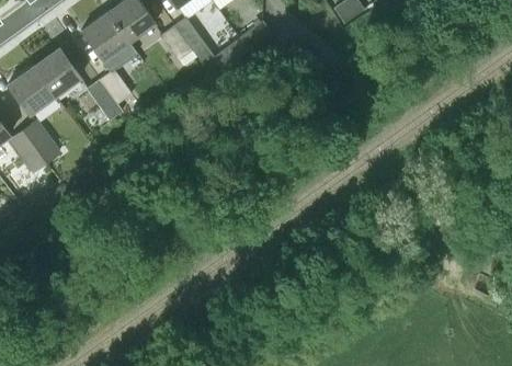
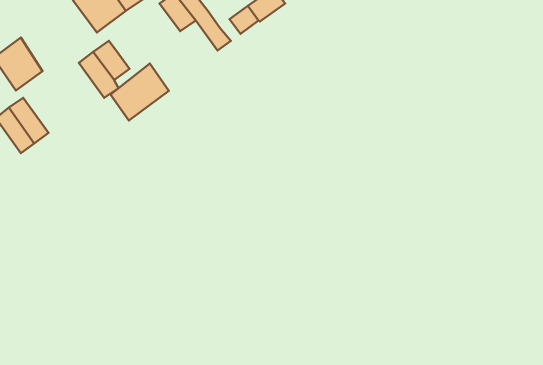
building: [34,48,81,98] -> none
building: none -> [110,63,169,121]

